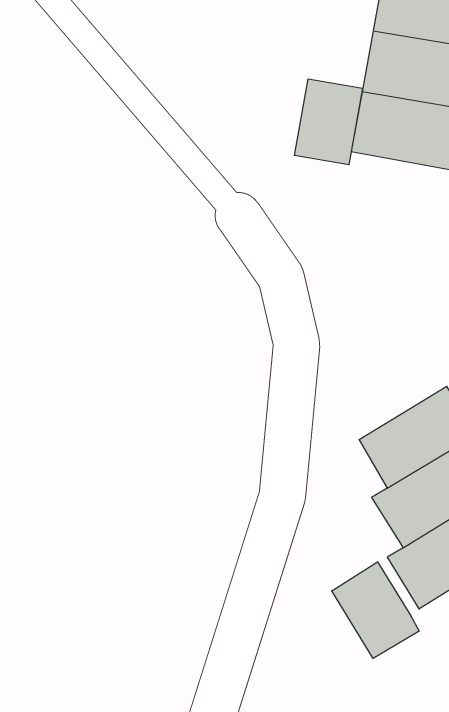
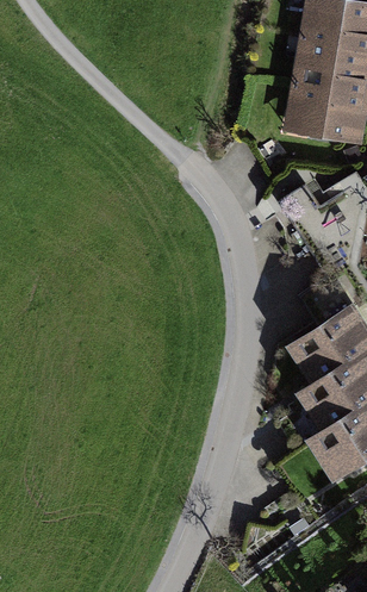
building: [294,79,363,165] -> none
building: [332,562,419,658] -> none

